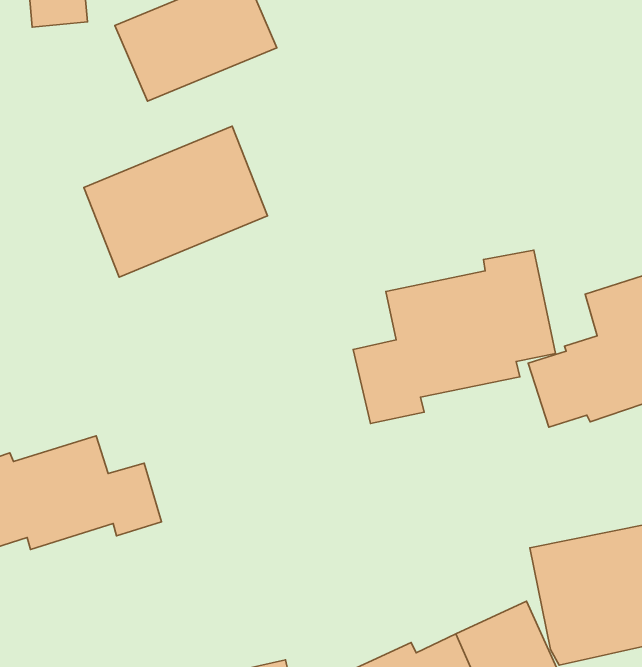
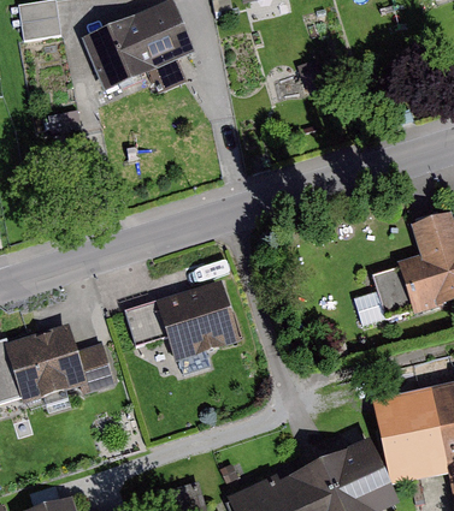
building: [84,126,268,277] -> none
building: [353,250,556,424] -> none
building: none -> [123,278,240,361]

